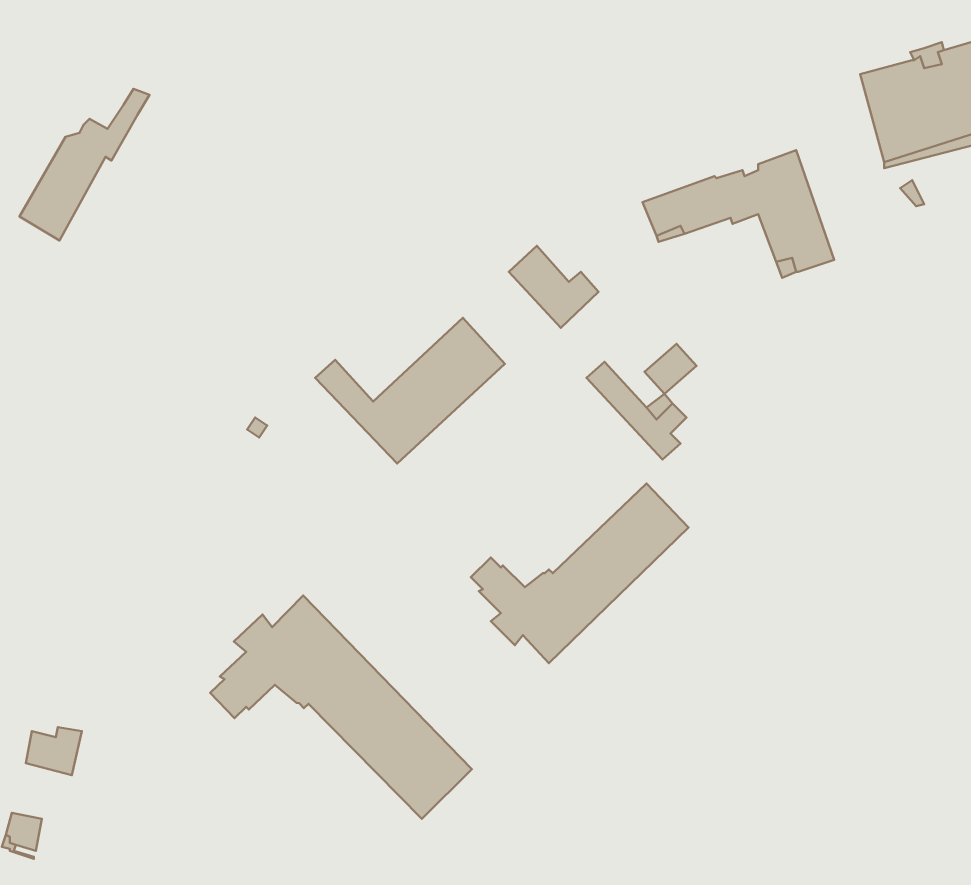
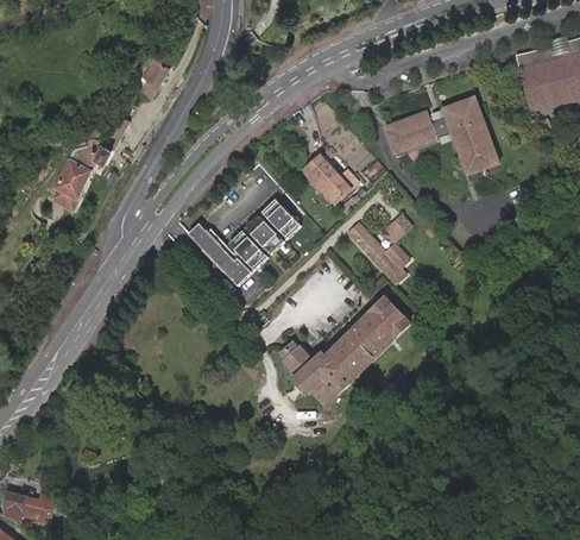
building: none -> [139,55,172,95]
building: [20,89,149,241] -> [50,117,127,207]
building: [210,596,472,819] -> none
building: [26,727,82,775] -> [21,495,55,523]

